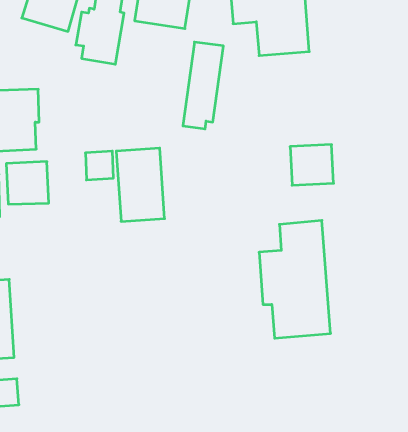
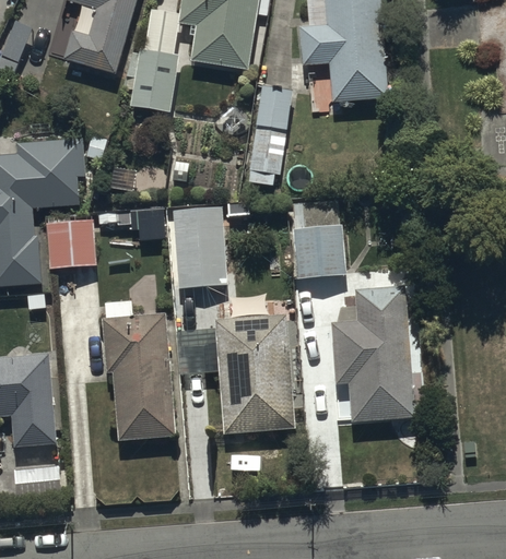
building: [290,145,334,185] -> [293,230,342,276]
building: none -> [102,300,174,439]
building: none -> [178,314,294,432]

